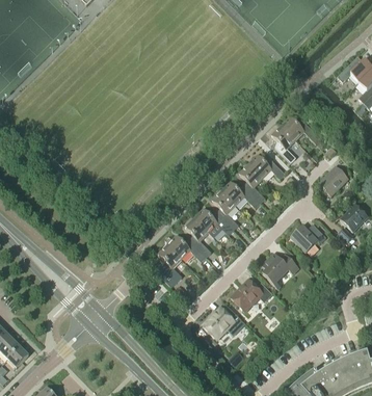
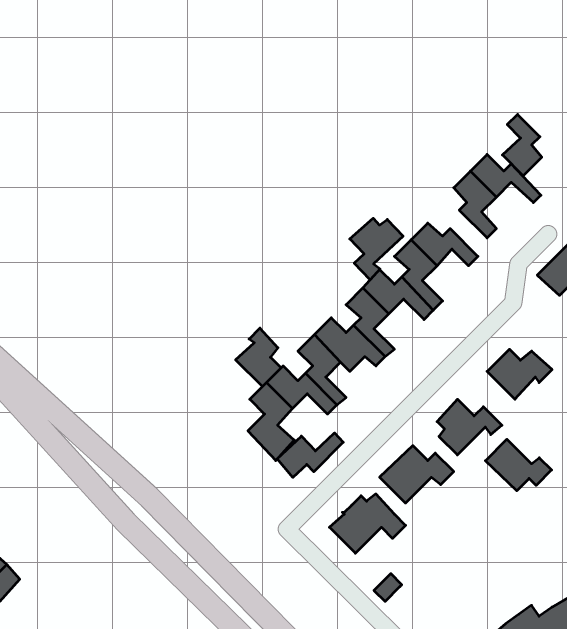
building: none -> [502,114,542,176]
building: none -> [350,218,403,280]
building: none -> [236,328,281,387]
building: none -> [277,433,343,477]
building: none -> [485,439,552,491]

